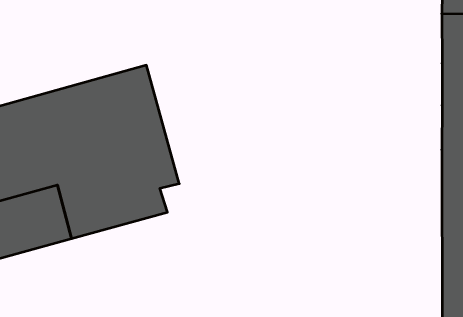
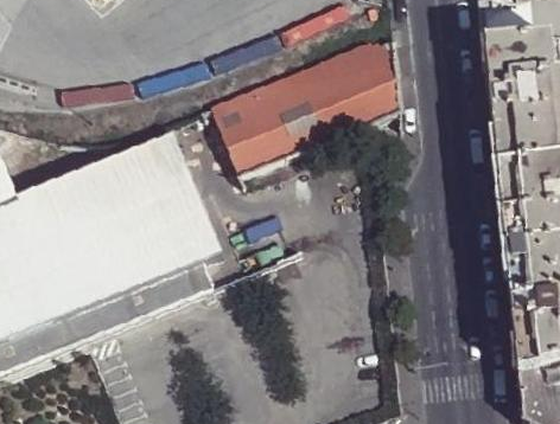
building: none -> [211,43,401,169]

